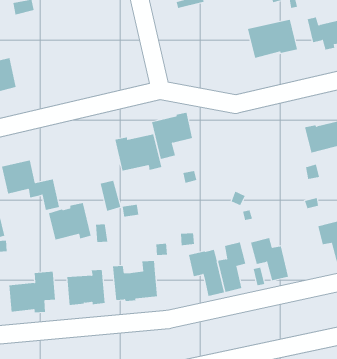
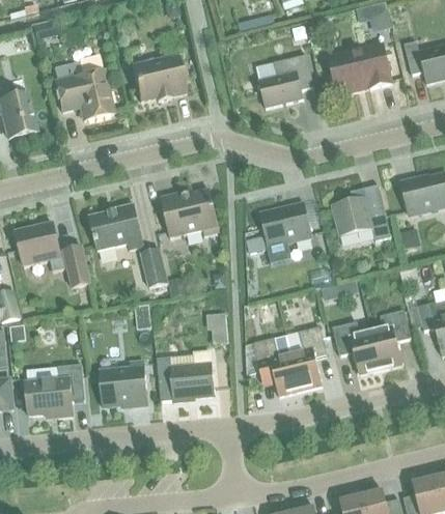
building: none -> [131,48,186,99]
building: none -> [255,54,314,107]
building: none -> [54,56,112,118]
building: [151,112,193,159] -> [258,201,311,261]
building: none -> [332,183,391,239]
building: [48,202,92,240] -> [89,202,144,250]
building: none -> [371,309,411,370]

